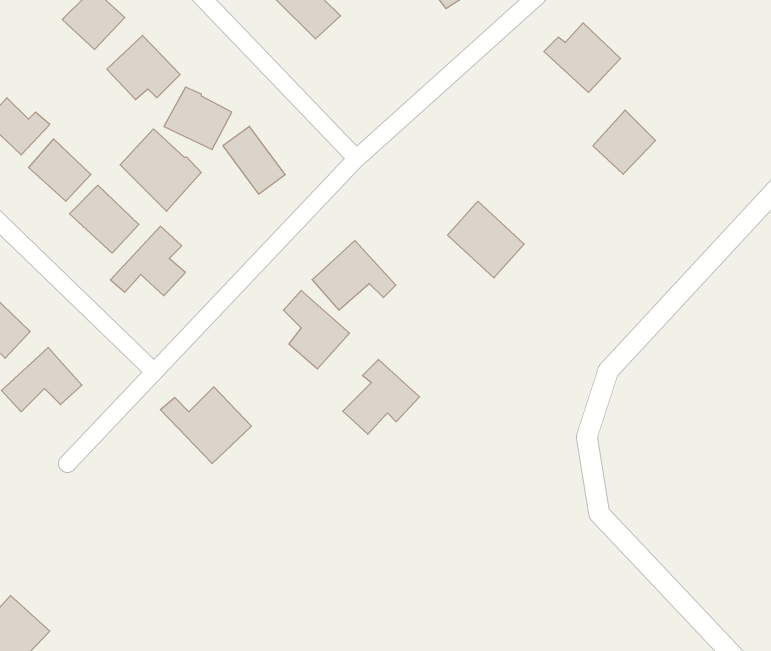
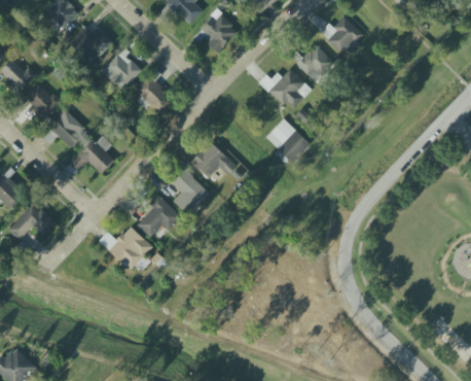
building: none -> [196,10,239,54]
building: [593,110,655,174] -> [297,44,333,81]
building: none -> [262,68,311,111]
building: [120,129,201,211] -> none
building: [343,359,420,434] -> [137,195,181,238]

